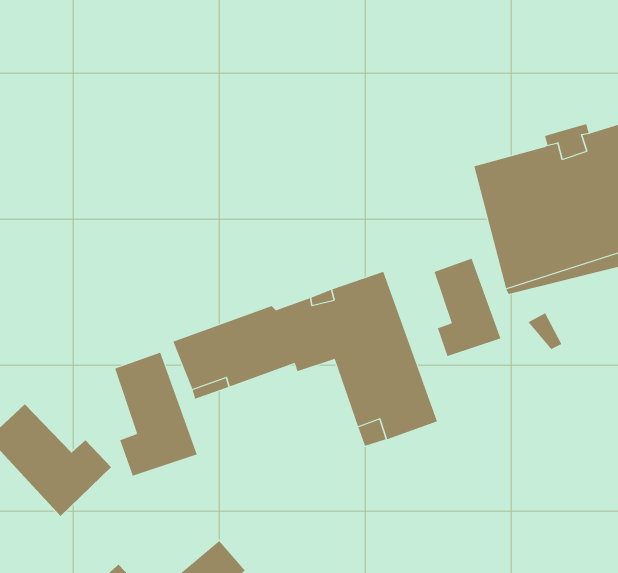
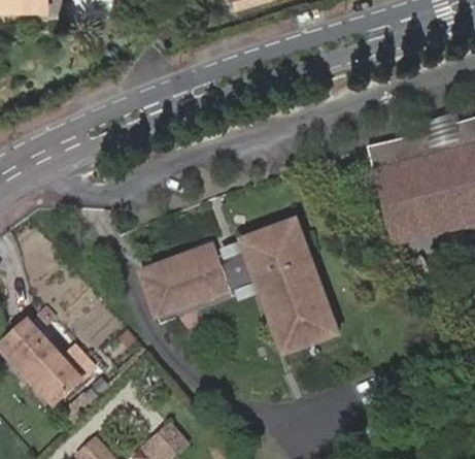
building: [434,258,501,357] -> none
building: [115,352,198,477] -> none

